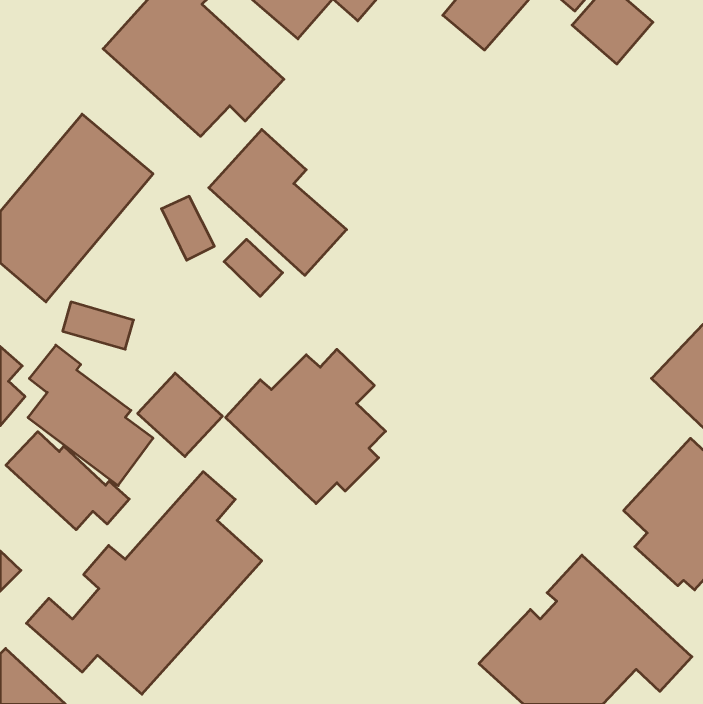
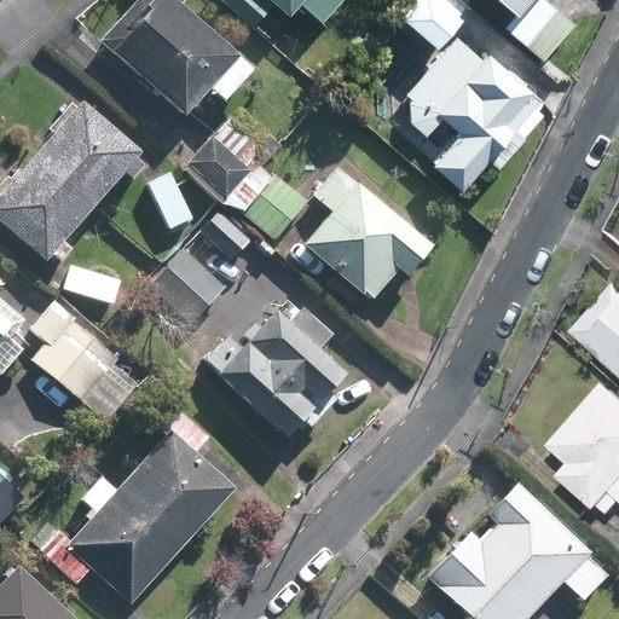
building: none -> [406,33,551,187]
building: none -> [300,164,429,303]
building: [138,373,222,457] -> [154,245,227,318]
building: [6,432,129,530] -> none

